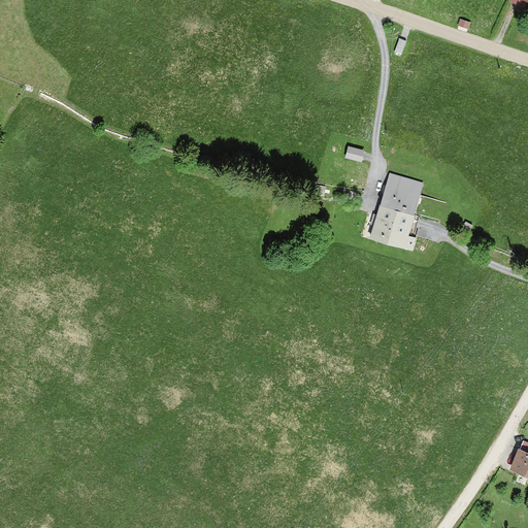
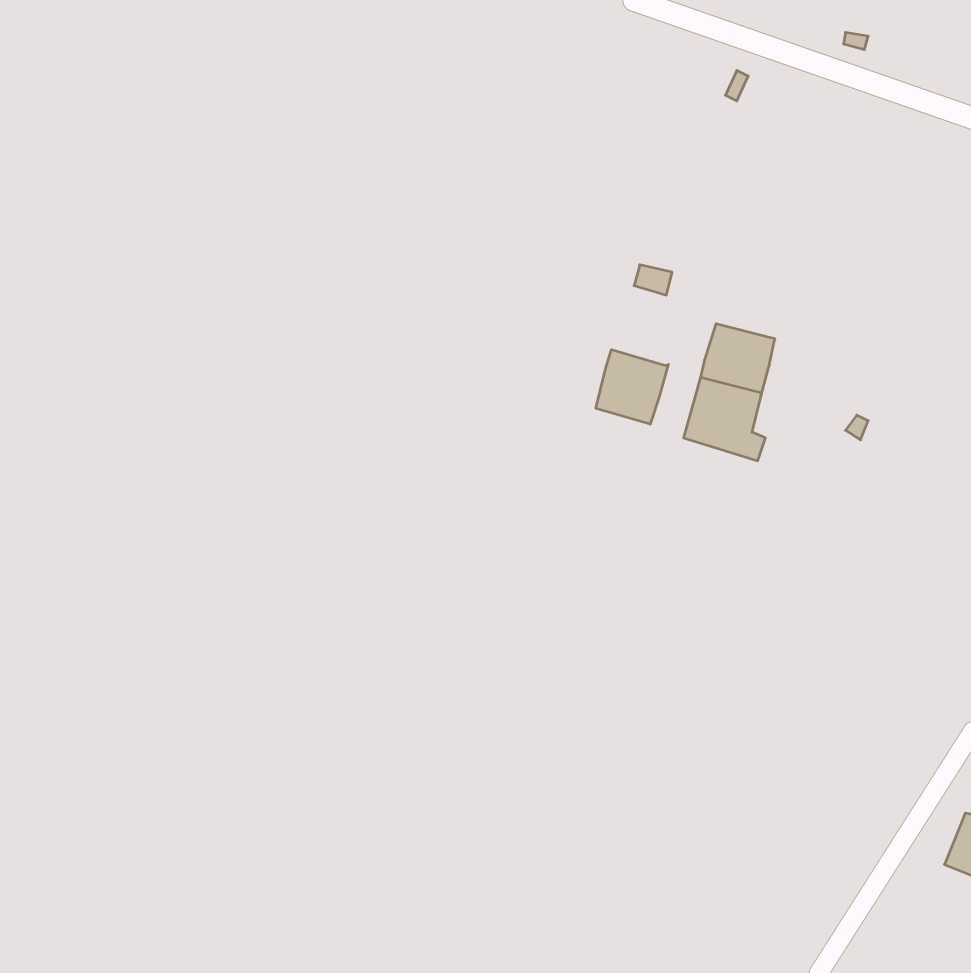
building: none -> [596,350,668,424]

